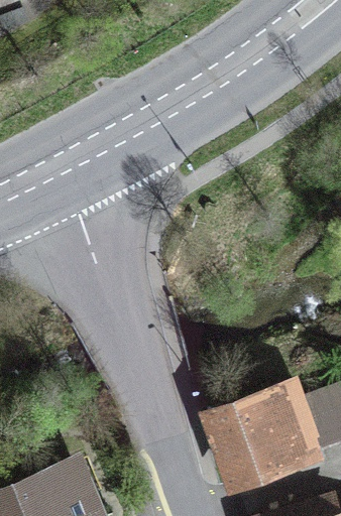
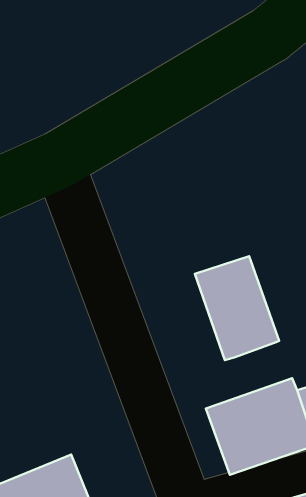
building: none -> [195,256,279,360]

